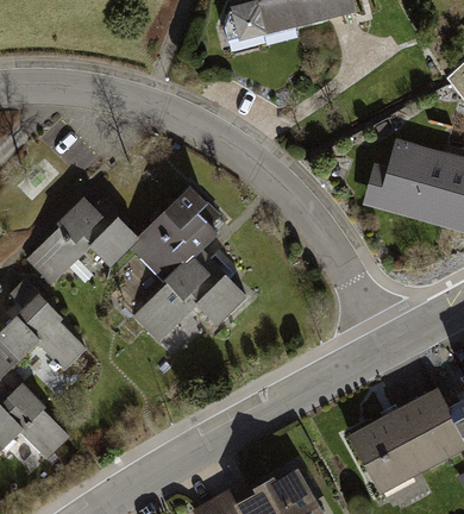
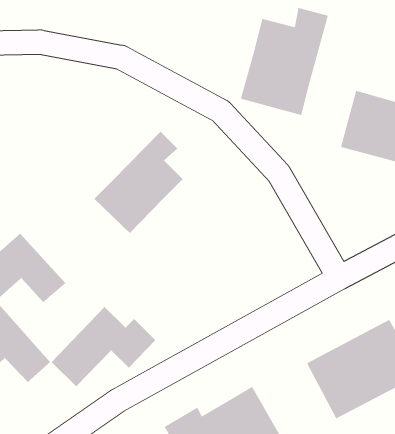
building: none -> [240,7,329,116]
building: [25,194,136,287] -> none
building: [133,259,247,347] -> [51,306,156,387]

